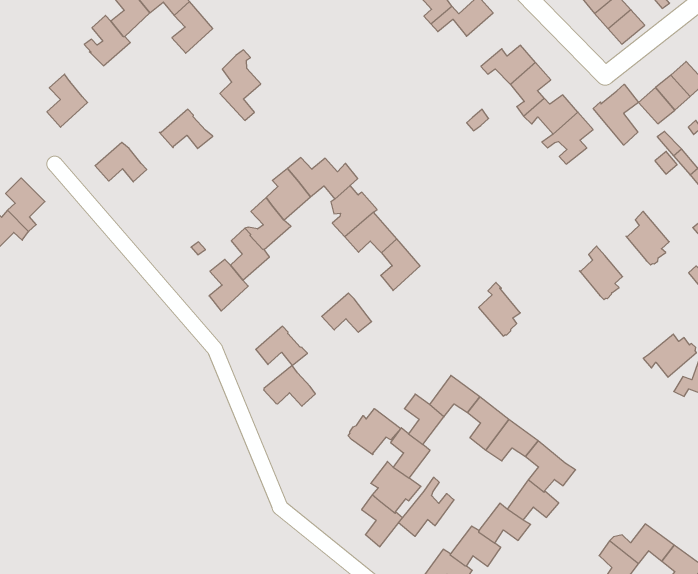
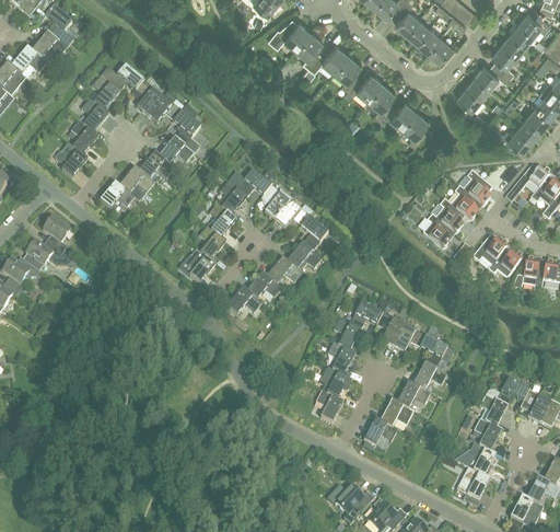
building: none -> [332,53,360,90]
building: none -> [147,94,180,123]
building: none -> [70,119,97,154]
building: [593,84,638,145] -> none
building: none -> [159,137,194,163]
building: none -> [119,165,153,200]
building: none -> [450,184,478,219]
building: none -> [287,241,322,273]
building: [479,282,520,336] -> [422,212,451,247]
building: none -> [471,234,506,264]
building: [264,365,315,406] -> [246,270,281,298]
building: [348,409,401,455] -> none
building: [399,477,454,536] -> none

